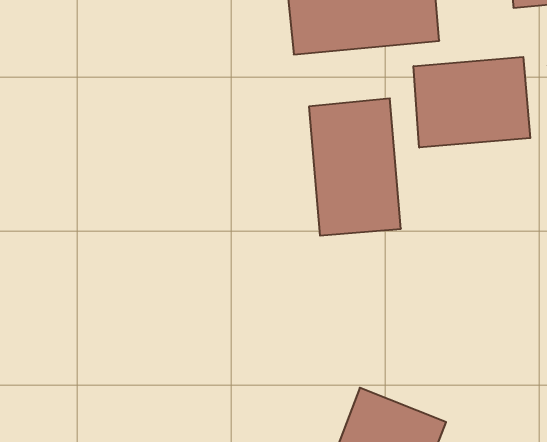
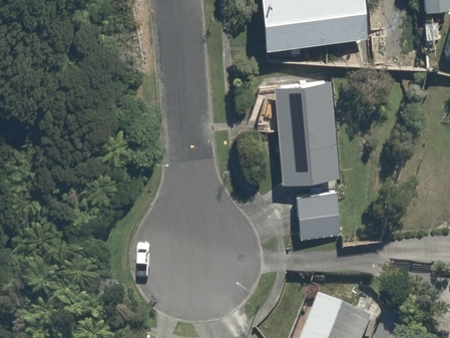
building: [414,57,530,148] -> none
building: none -> [296,196,339,241]

